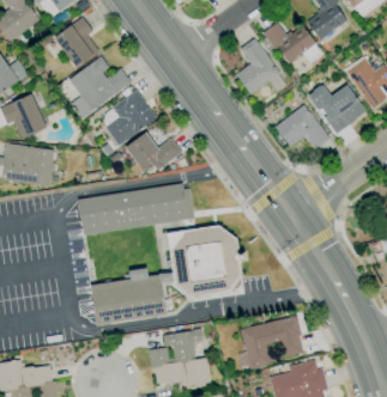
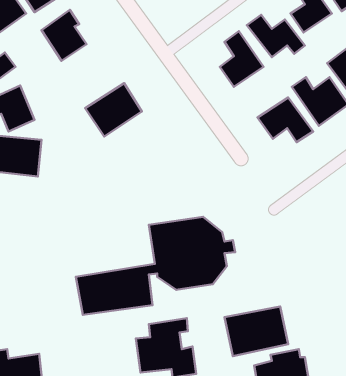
building: [69,57,133,117] -> none
building: [127,133,181,175] -> none
building: [79,183,196,234] -> none

